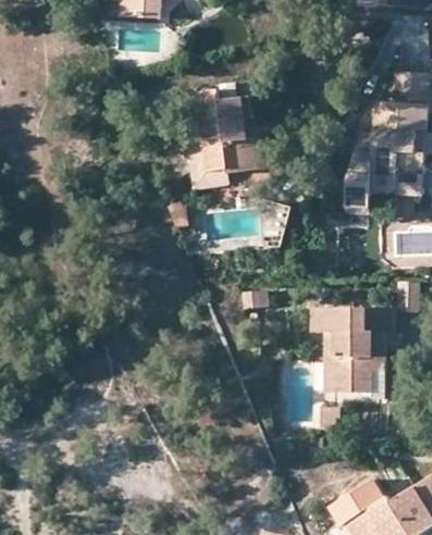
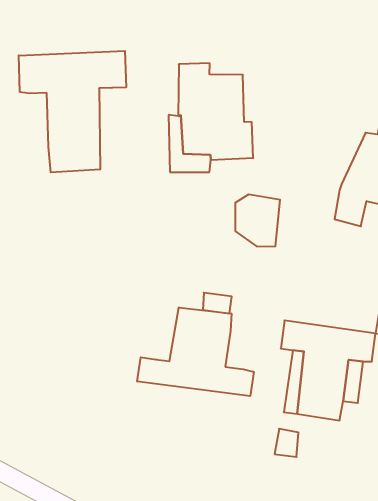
building: none -> [19,51,126,172]
building: none -> [137,307,254,396]

